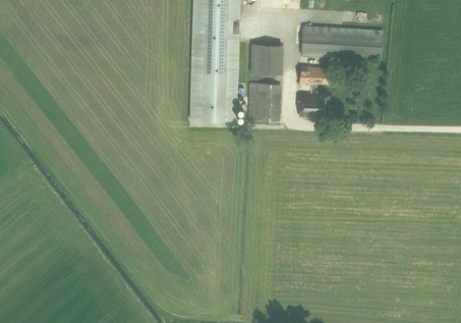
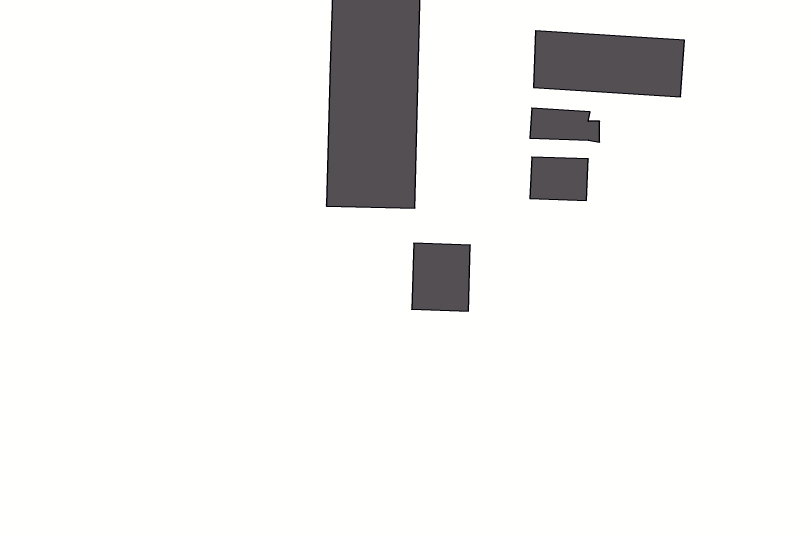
building: [253,40,285,70] -> none
building: [248,85,280,121] -> [412,243,470,311]

